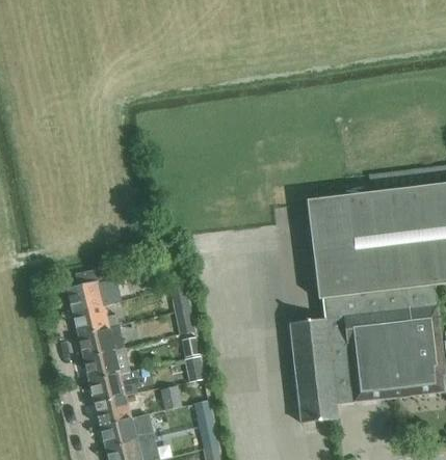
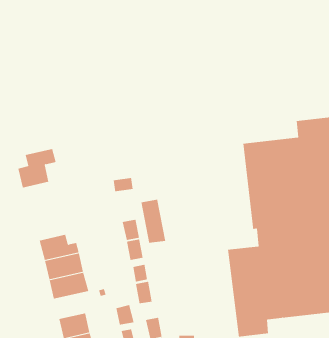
building: none -> [141,199,166,243]
building: [68,267,112,313] -> [18,149,56,188]
building: [89,370,141,403] -> none

